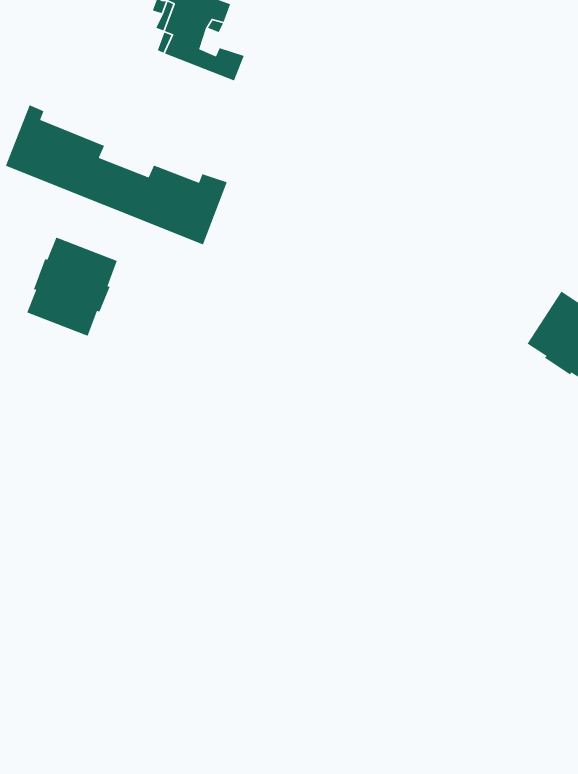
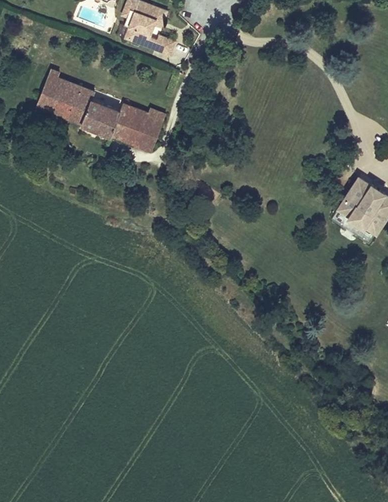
building: [26,236,118,337] -> none

